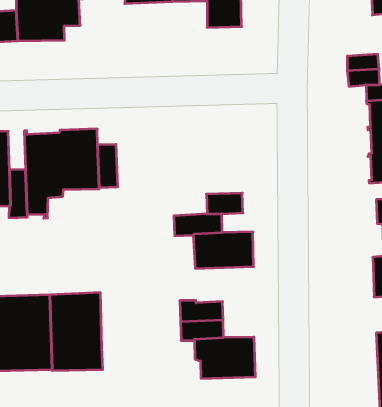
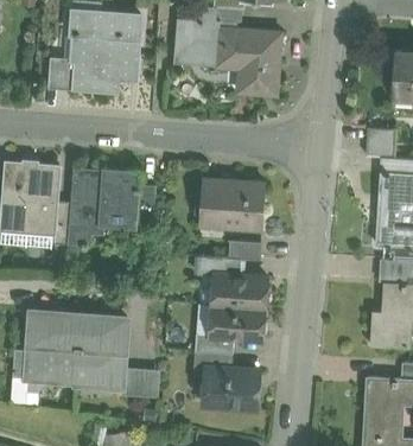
building: none -> [199,179,265,228]
building: none -> [210,305,265,339]
building: none -> [121,367,159,399]

